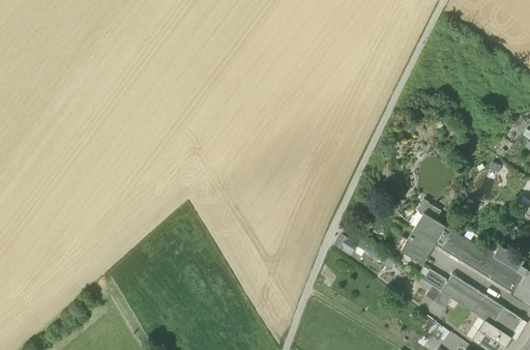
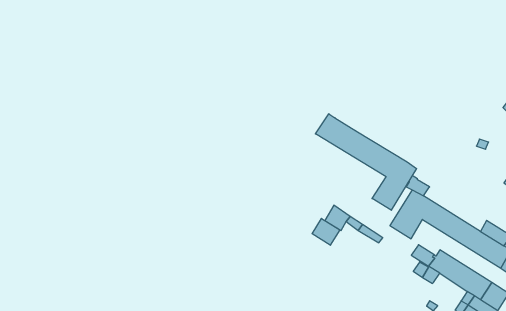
building: none -> [315,114,417,210]
building: none -> [312,218,340,245]

